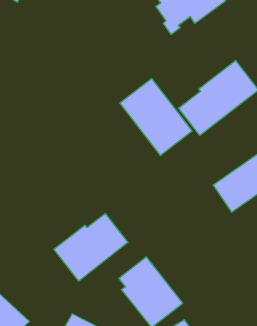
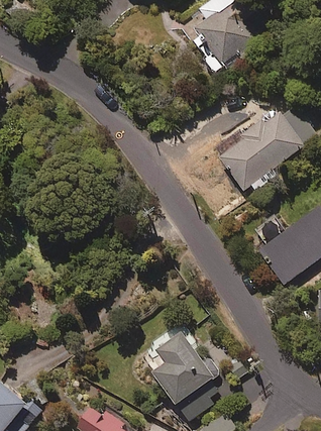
building: [120,78,192,156] -> none
building: [54,213,128,281] -> none

